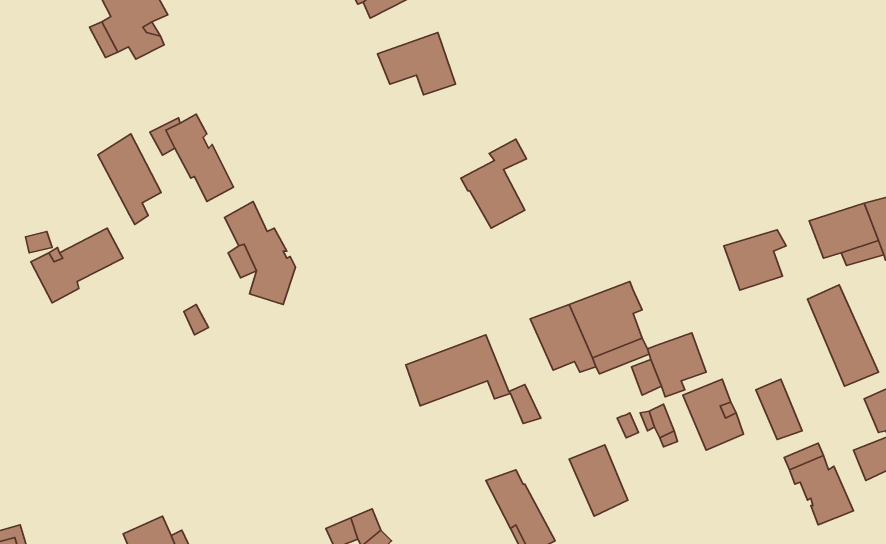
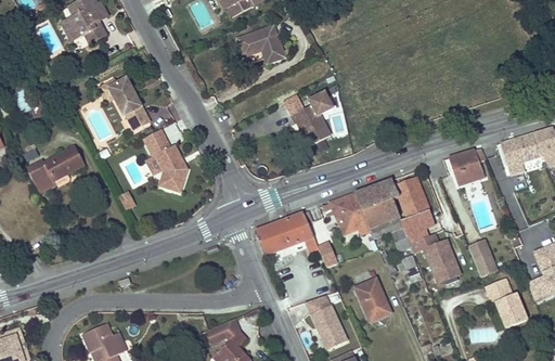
building: [98,134,161,224] -> none
building: none -> [393,176,429,218]

